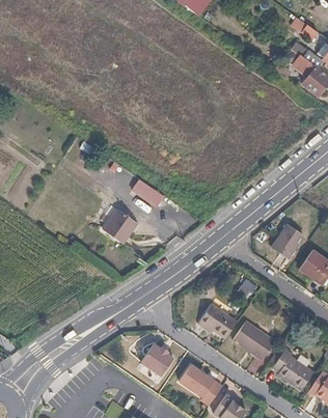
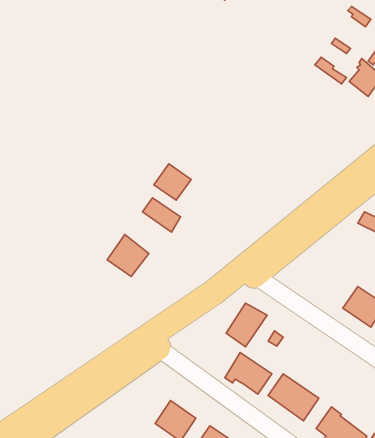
building: none -> [154,164,191,200]
building: [269,225,301,258] -> none
building: none -> [226,303,267,347]

